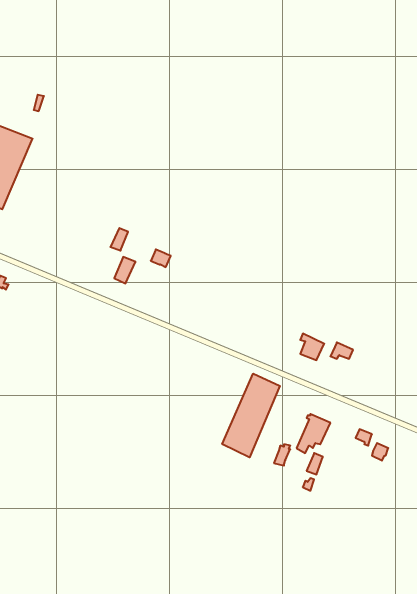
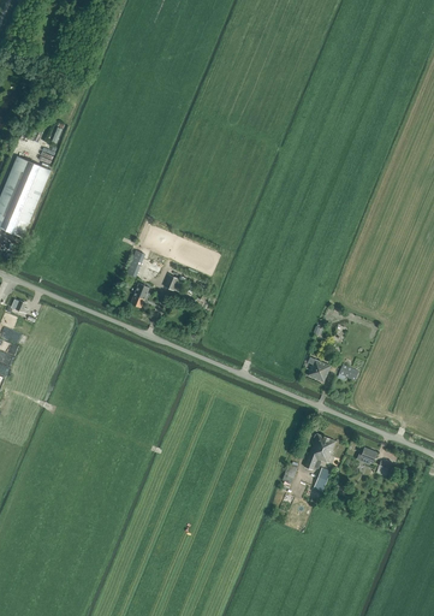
building: [222,374,280,457] -> none

